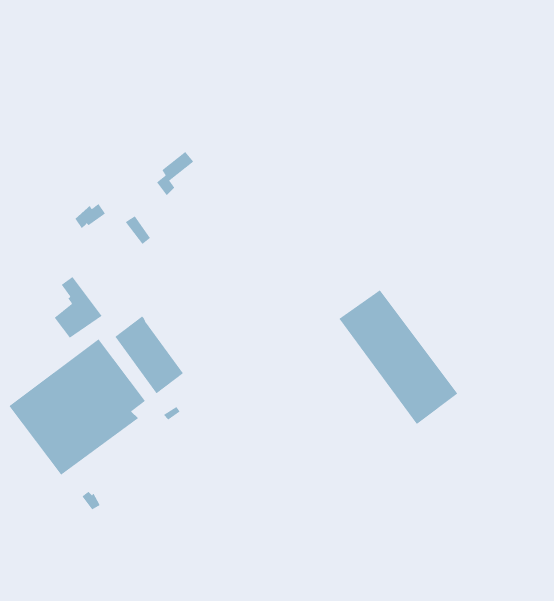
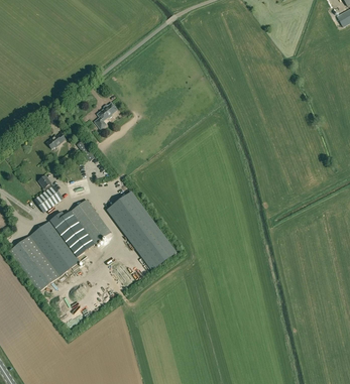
building: [338,289,458,425] -> [107,191,177,270]

